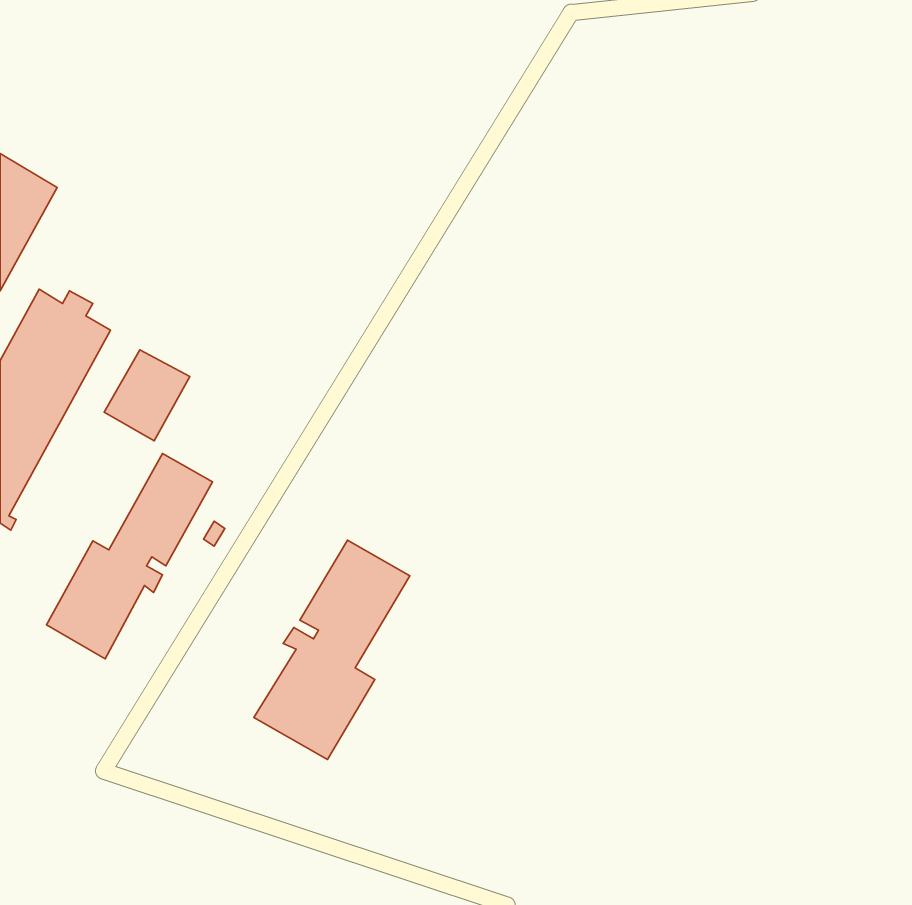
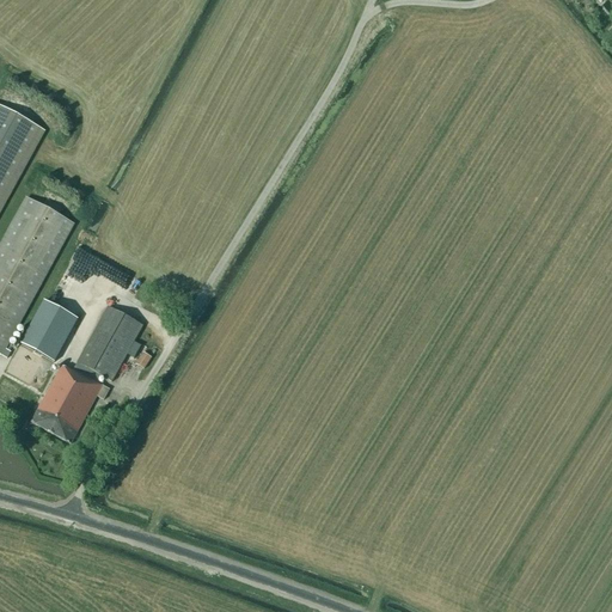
building: [104,350,190,441] -> [22,300,79,361]
building: [254,540,410,759] -> none

